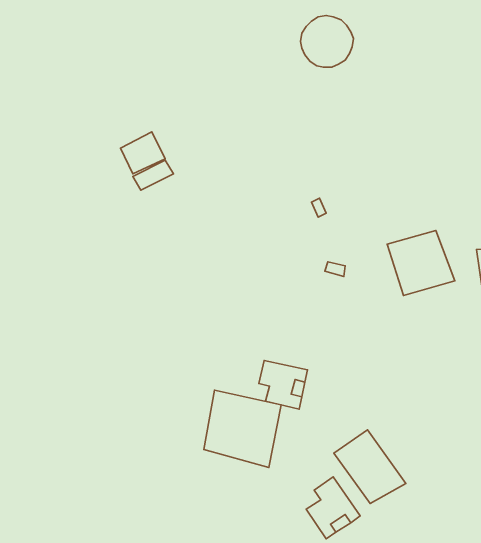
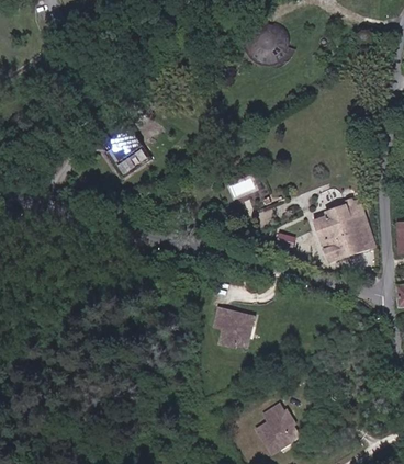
building: [204,390,281,467] -> none
building: [334,430,406,503] -> none

